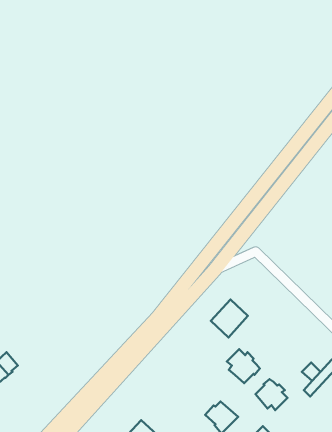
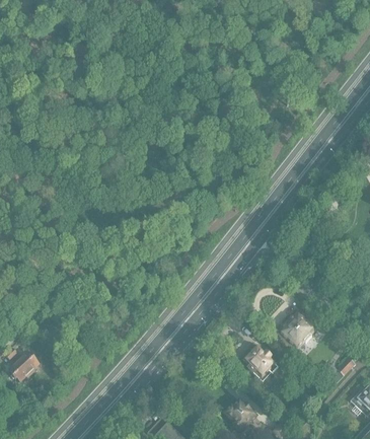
building: [211,299,248,337] -> [279,311,315,349]
building: [255,379,287,410] -> none

